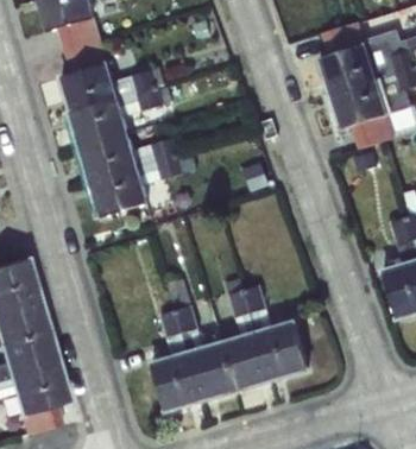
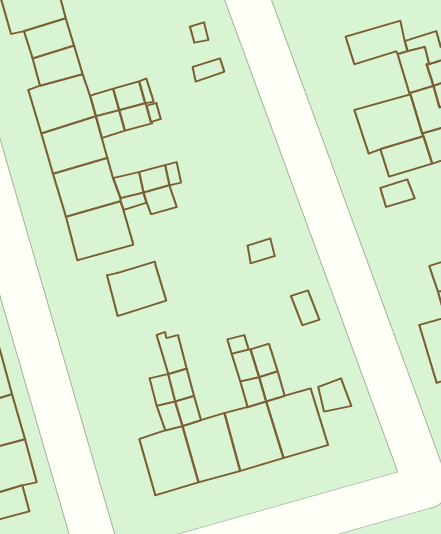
building: [320,44,377,93] -> none
building: none -> [107,262,166,316]

